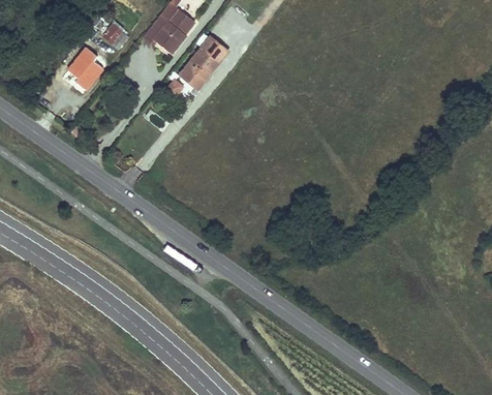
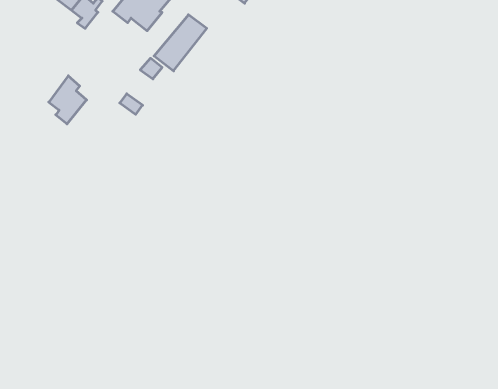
building: [67,48,101,91] -> [49,76,87,124]

